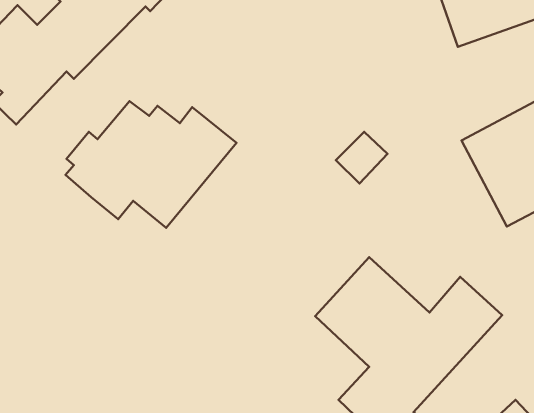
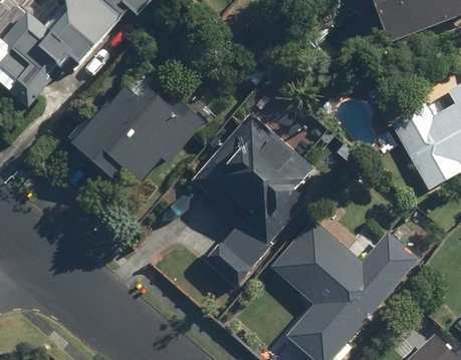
building: none -> [184,114,317,288]

